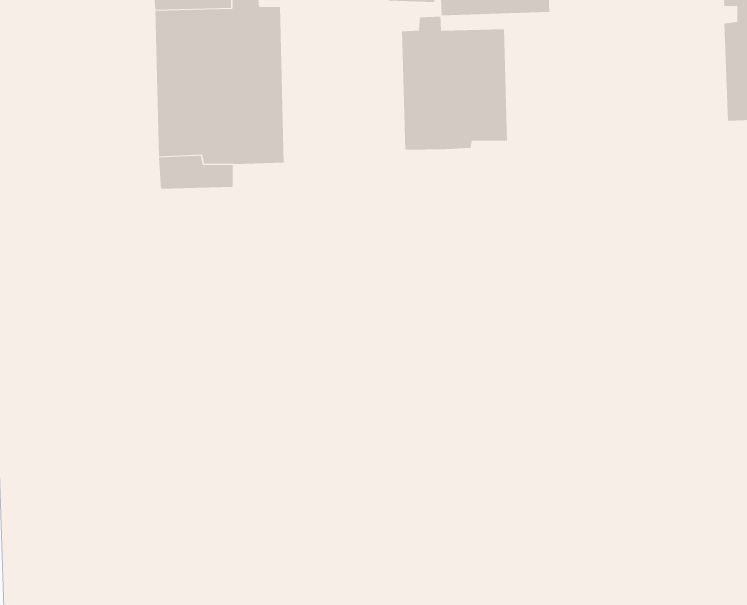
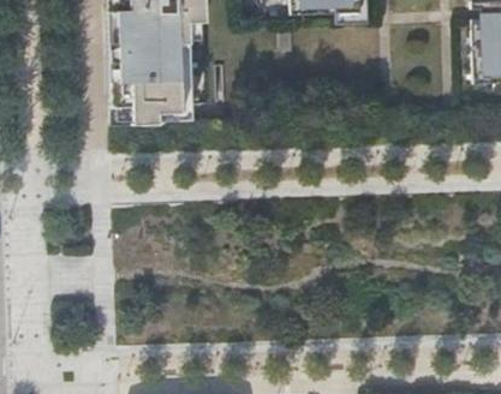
building: [402,16,507,151] -> none

